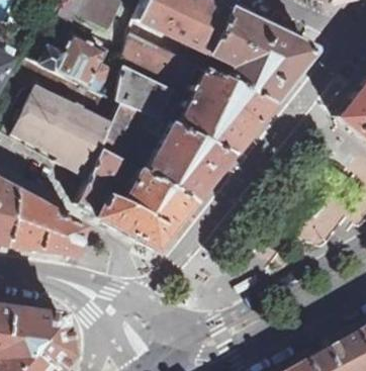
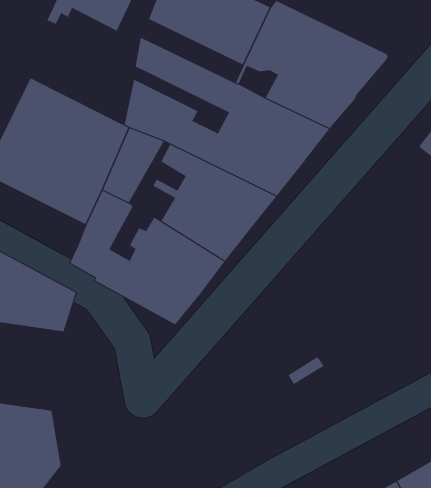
building: [38,31,109,90] -> none

